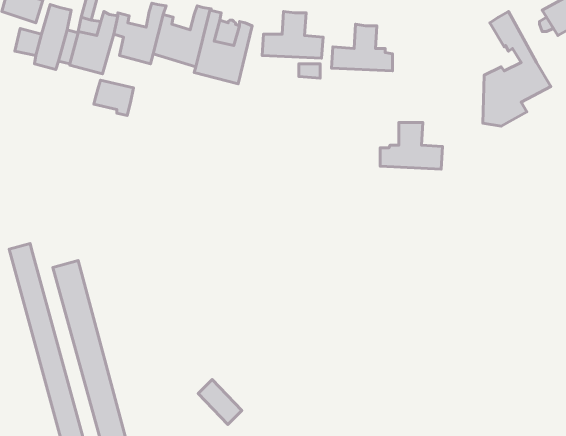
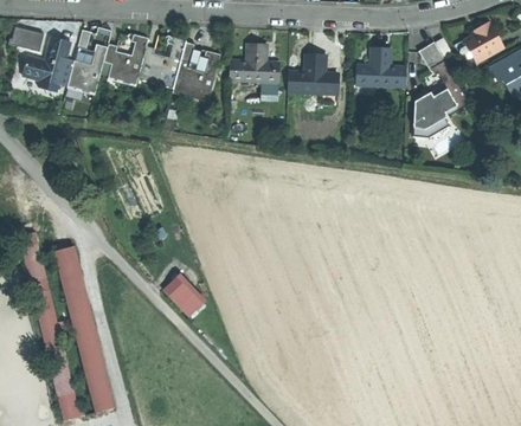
building: [94,80,134,116] -> none
building: [380,122,443,169] -> [355,47,407,86]
building: [198,379,242,425] -> [166,280,202,318]

